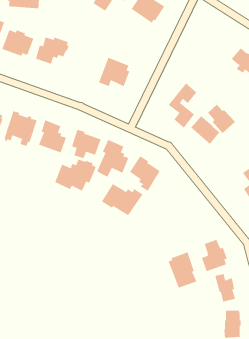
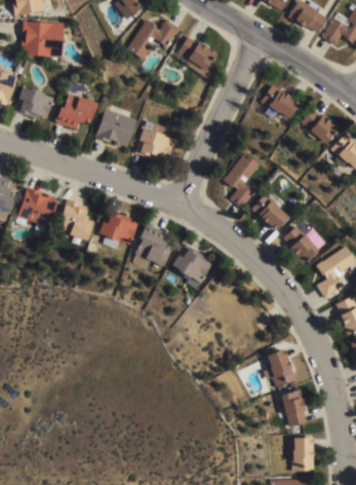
building: none -> [260,84,300,118]
building: none -> [95,108,136,147]
building: [207,104,236,134] -> [282,225,318,263]
building: [54,159,96,191] -> none
building: [101,183,143,216] -> none
building: [168,252,197,289] -> none

